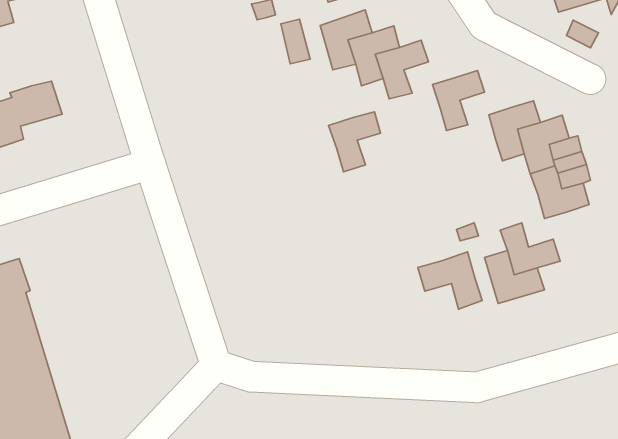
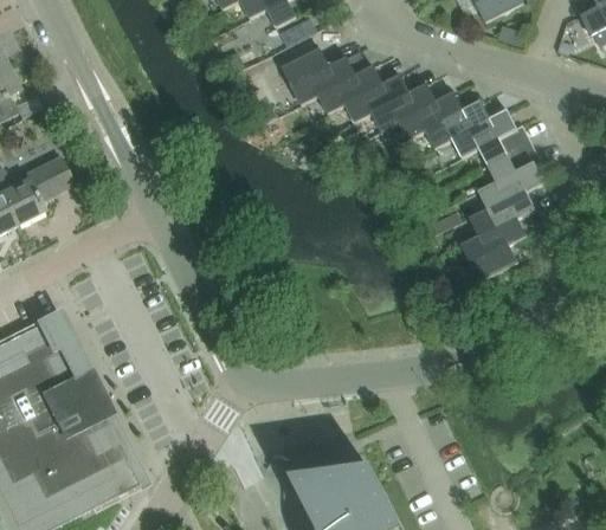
building: none -> [414,92,462,148]
building: [328,112,380,172] -> [361,75,407,131]
building: none -> [477,181,534,228]
building: [418,252,482,309] -> none

